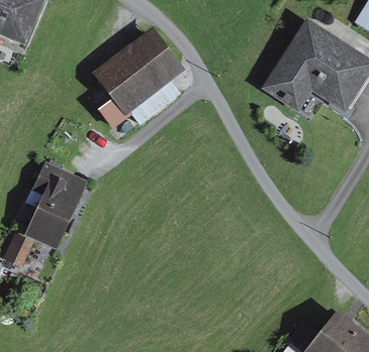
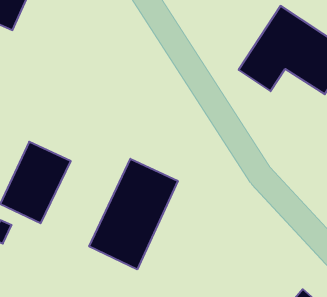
building: [92,30,184,118] -> none
building: none -> [89,159,178,269]

